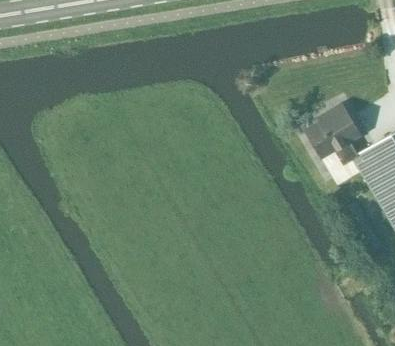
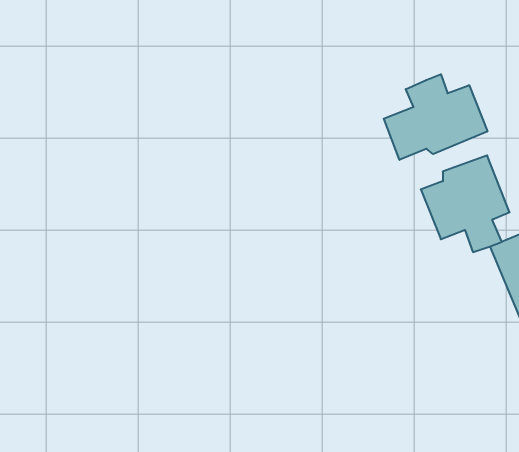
building: none -> [384,74,487,160]

